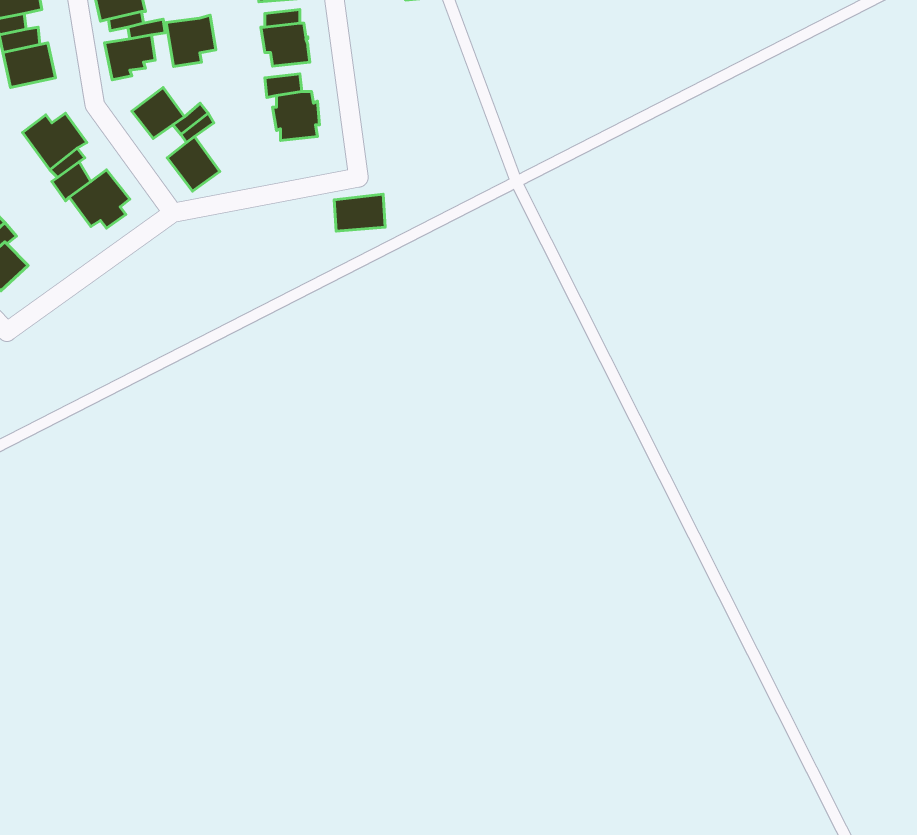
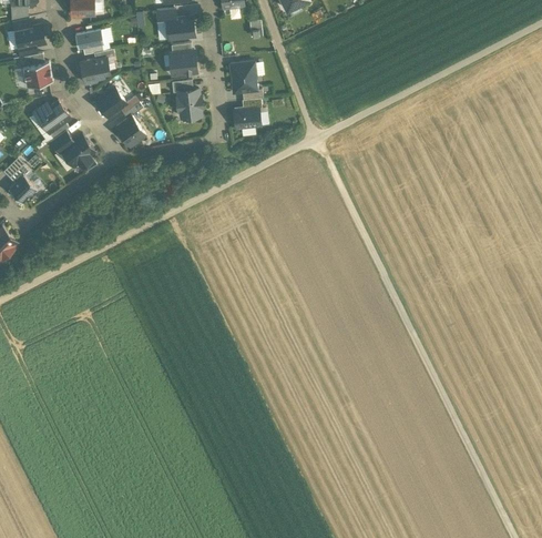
building: [166,15,216,66] -> none
building: none -> [229,60,259,92]
building: [334,194,385,231] -> [233,105,262,126]

